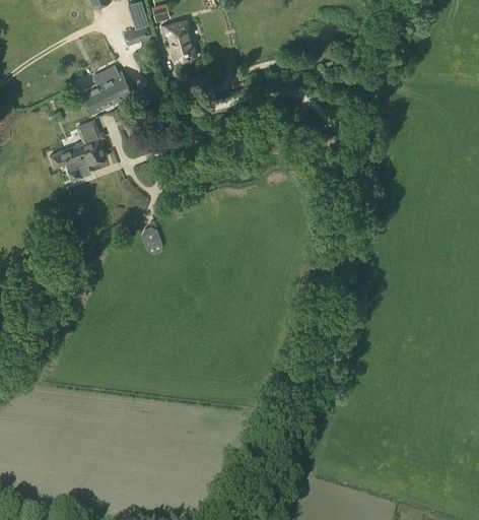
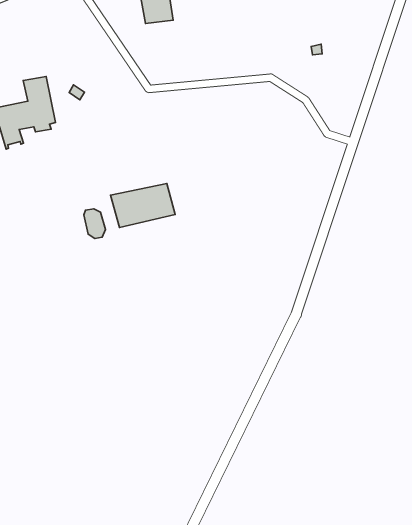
building: [83,69,130,112] -> none
building: none -> [111,184,175,227]

